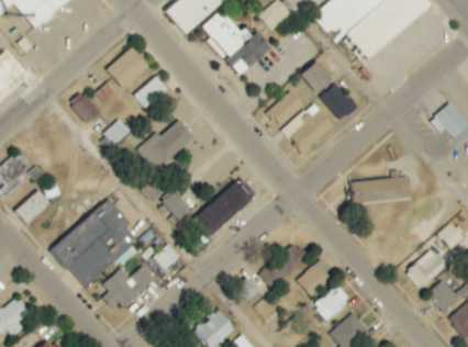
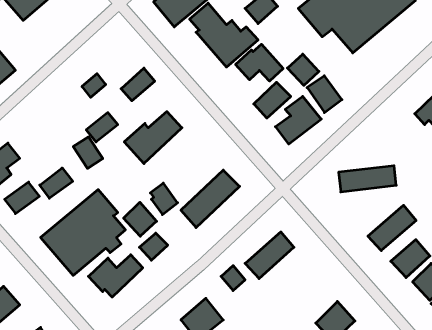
building: [107,47,149,89] -> none
building: none -> [236,44,283,81]
building: [70,92,100,124] -> [73,137,103,168]
building: none -> [40,168,73,198]
building: none -> [124,202,157,236]
building: none -> [368,205,416,251]
building: [297,262,331,295] -> none
building: [313,284,350,320] -> none

